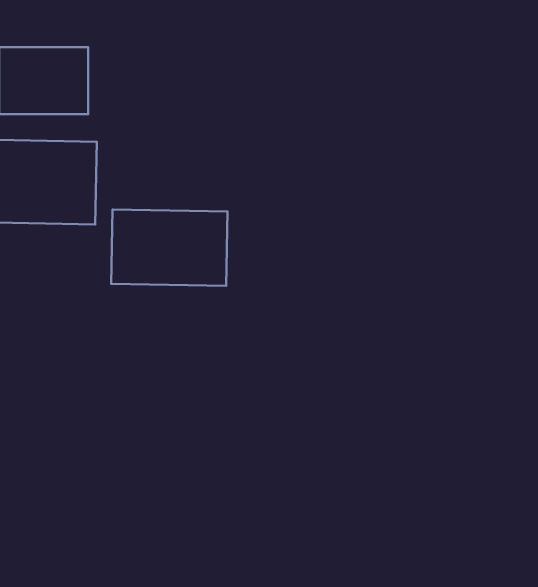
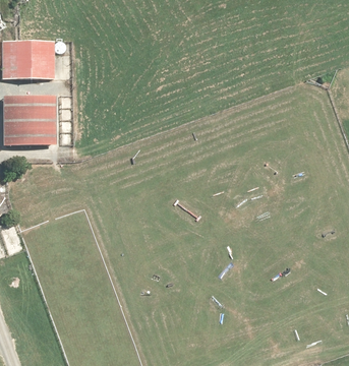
building: [111,209,228,286] -> none

